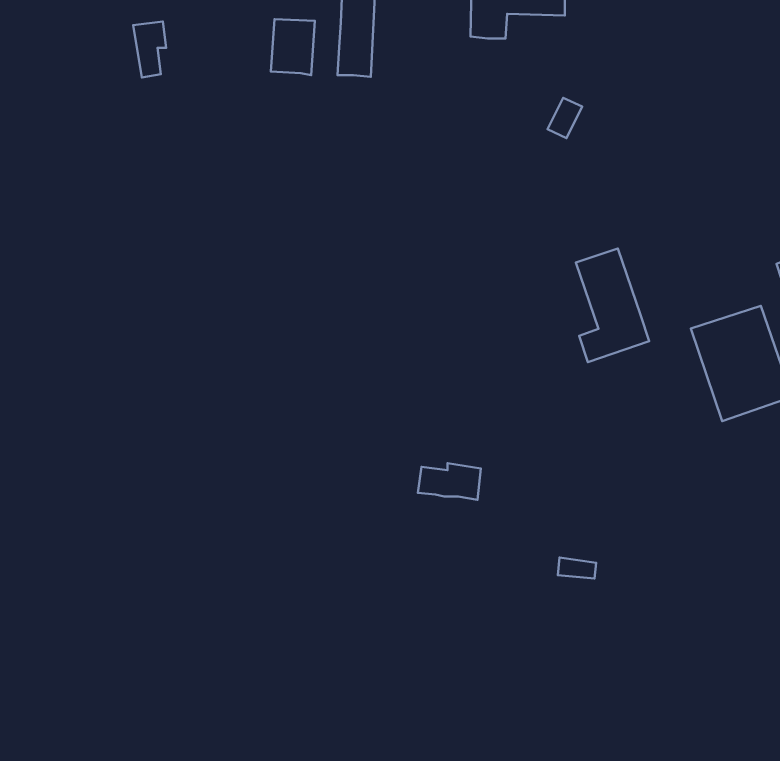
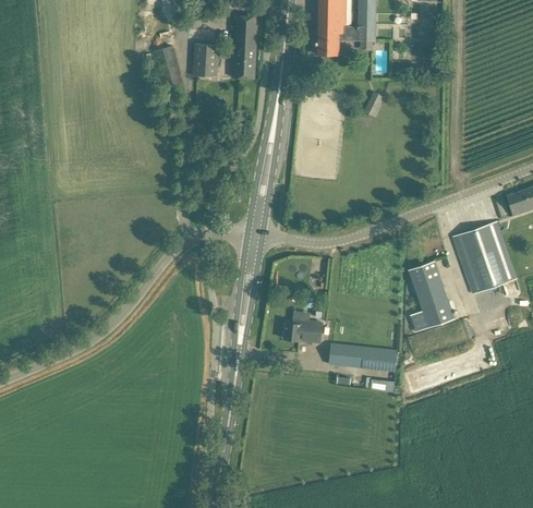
building: [133,22,166,78] -> [155,46,175,81]
building: [576,248,649,362] -> [408,261,453,331]
building: none -> [328,342,396,372]

